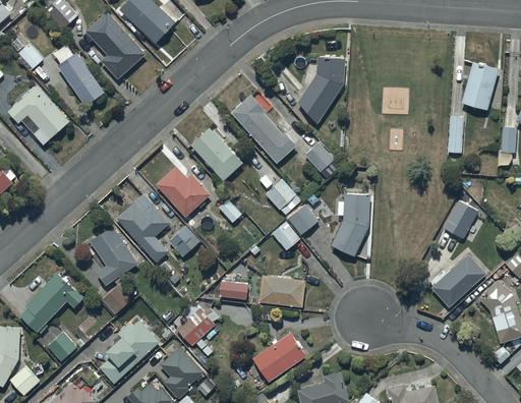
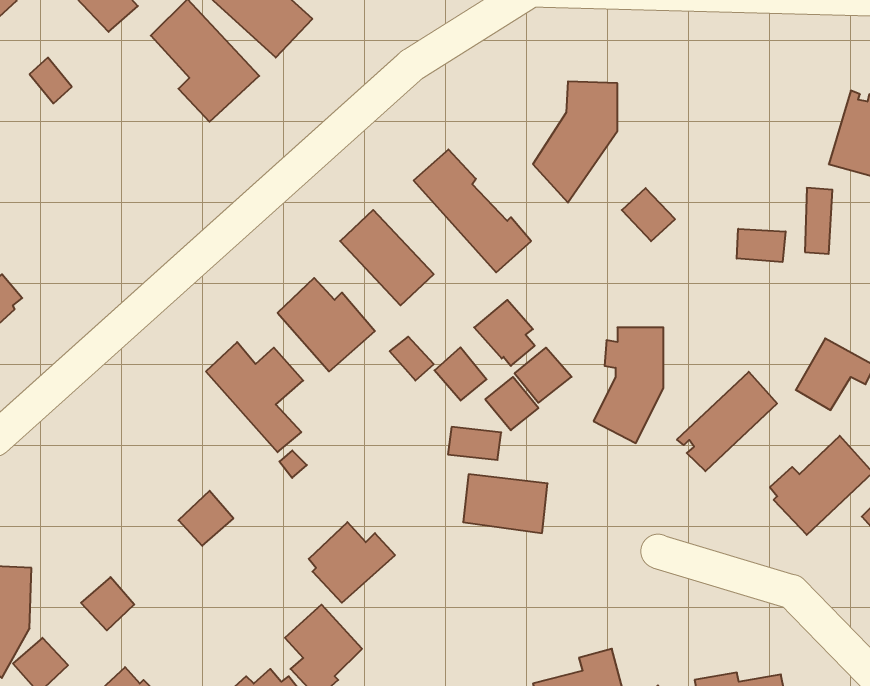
building: [57,53,104,106] -> none
building: [7,84,69,145] -> none
building: none -> [737,229,786,262]
building: [304,142,334,172] -> [622,188,675,241]
building: none -> [434,347,487,401]
building: none -> [677,372,777,471]
building: [168,225,200,257] -> none
building: [90,226,137,286] -> none
building: [19,273,83,334] -> none
building: [219,281,248,299] -> [448,427,501,460]
building: [100,316,160,384] -> none
building: [252,333,306,382] -> none

